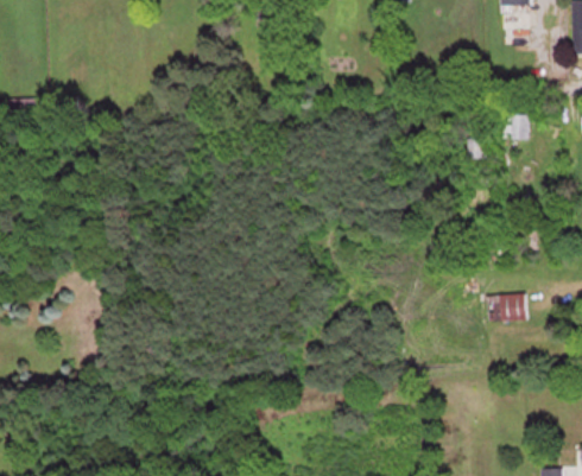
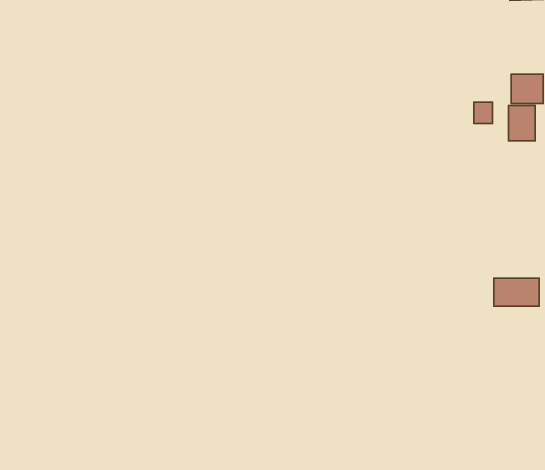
building: none -> [509,106,535,141]

